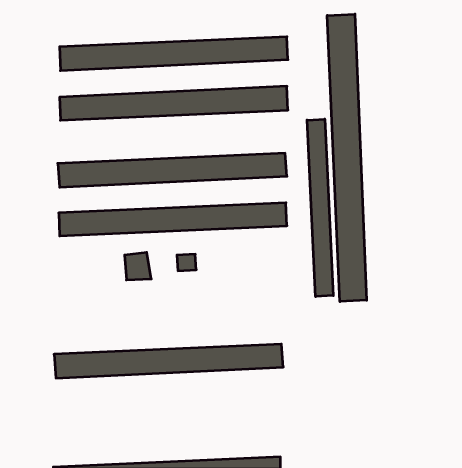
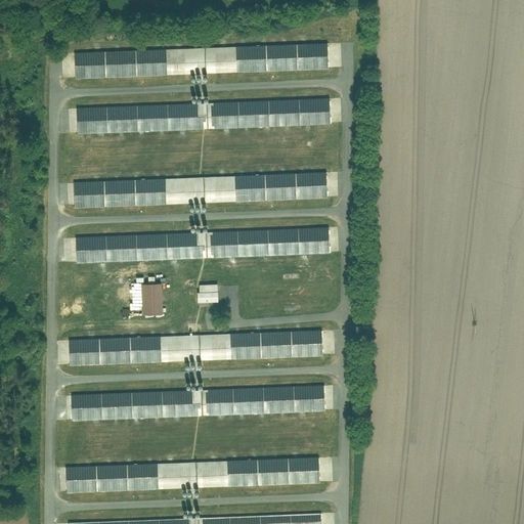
building: [327,14,367,302] -> none
building: [307,119,333,297] -> none
building: none -> [68,330,322,367]
building: none -> [63,455,319,493]

